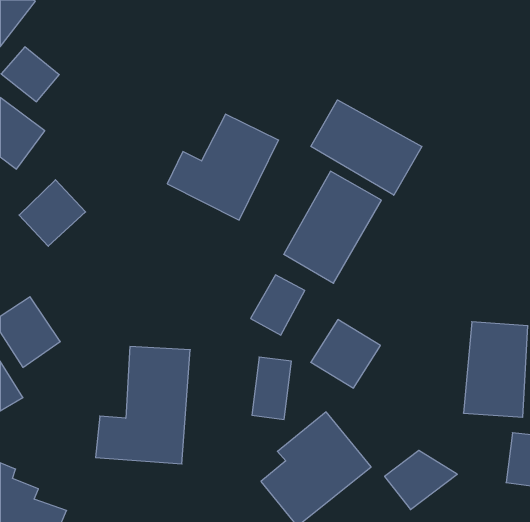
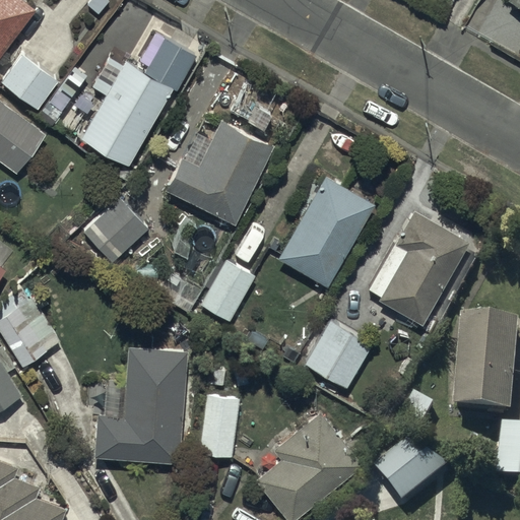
building: none -> [82,38,197,165]
building: [311,100,422,195] -> none
building: [19,180,86,246] -> [83,199,148,264]
building: none -> [370,209,471,329]
building: [251,275,305,335] -> [201,261,254,320]
building: [252,357,291,419] -> [200,395,239,456]

